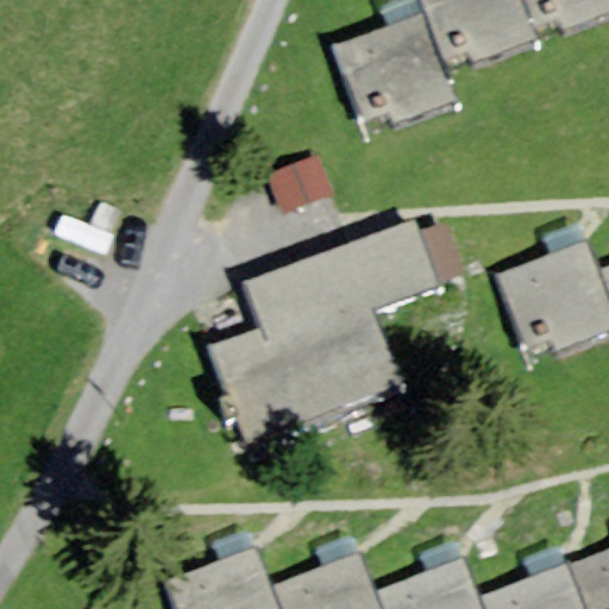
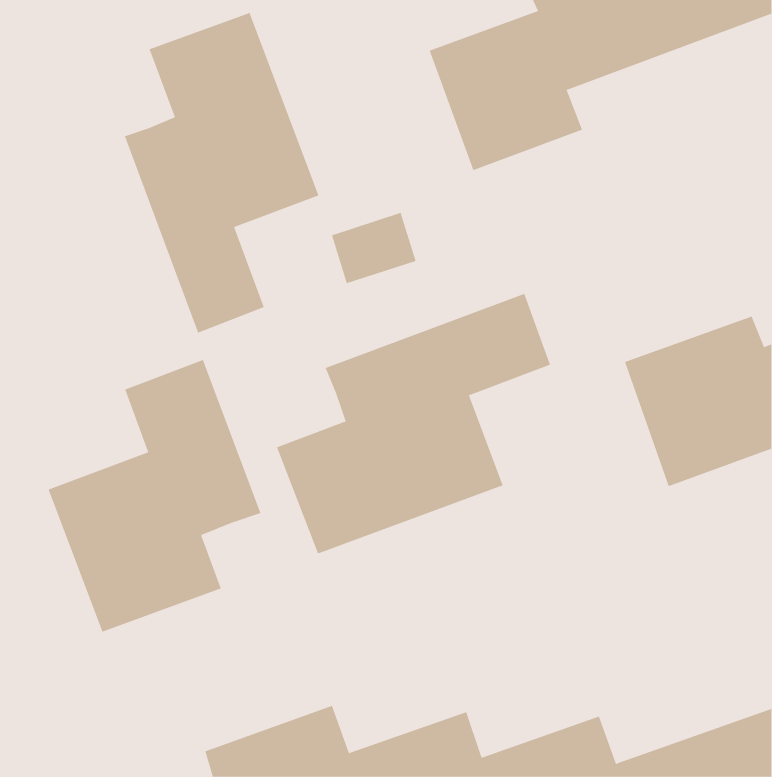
building: none -> [124,12,319,333]
building: none -> [48,359,261,632]

